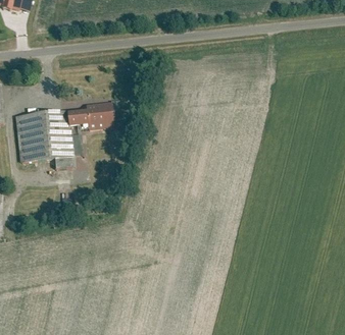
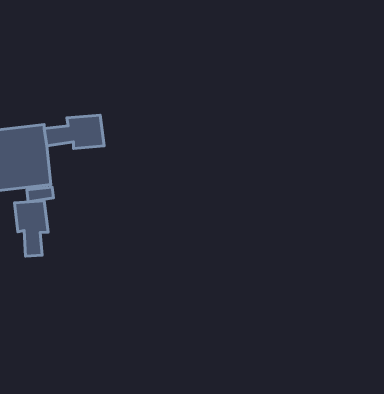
building: none -> [14,201,48,256]

